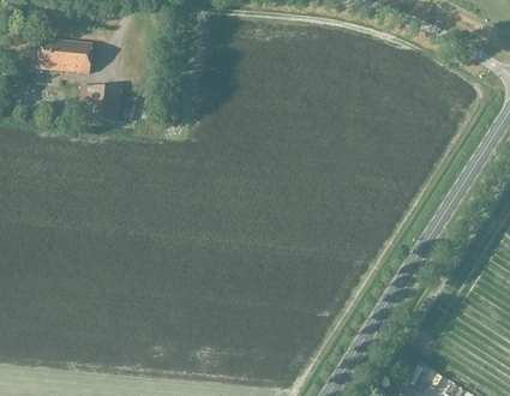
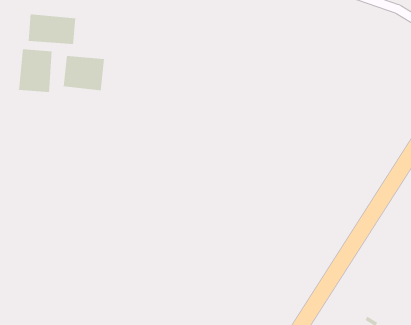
building: none -> [19,48,52,93]

